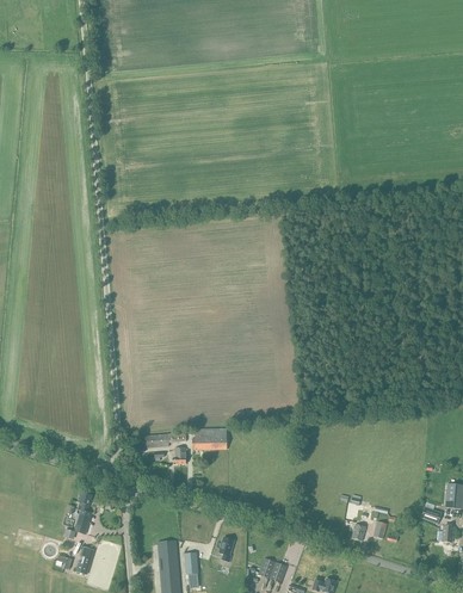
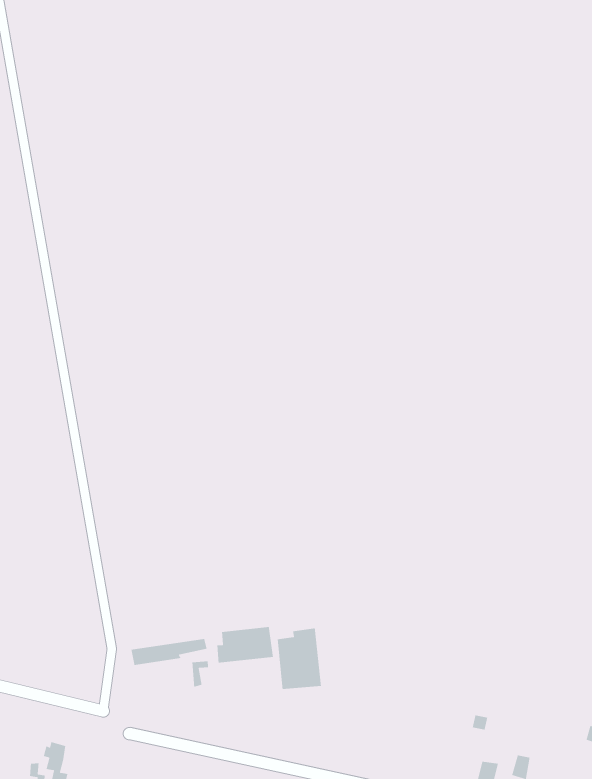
building: none -> [277,628,322,690]

